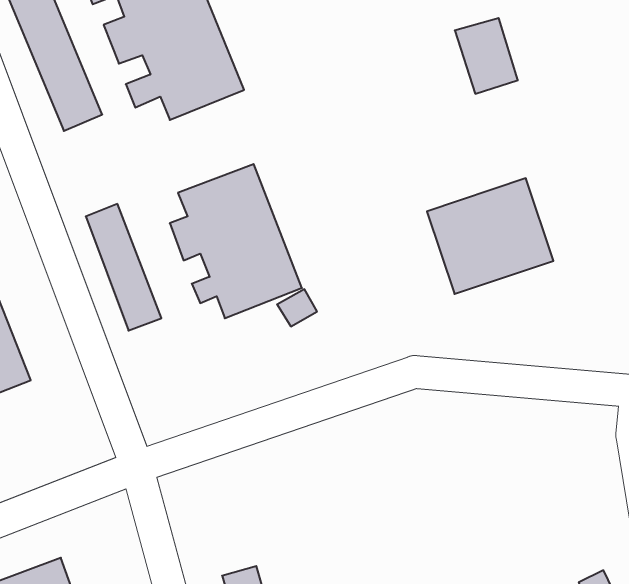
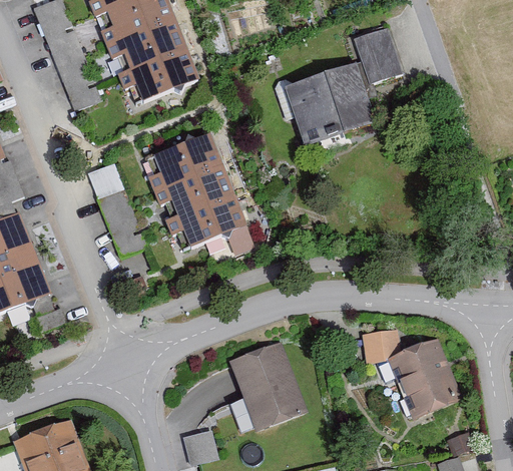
building: [427,178,553,294] -> [287,63,379,147]
building: none -> [360,327,462,420]
building: none -> [229,342,306,427]

